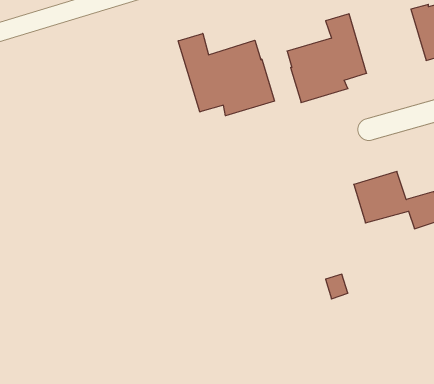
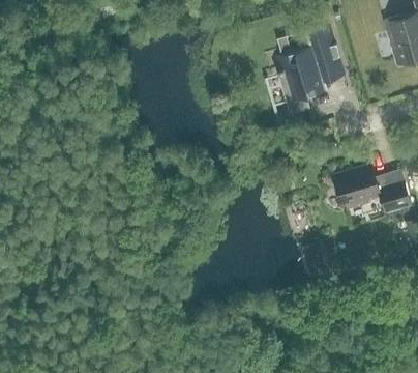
building: [178,33,274,116] -> none

